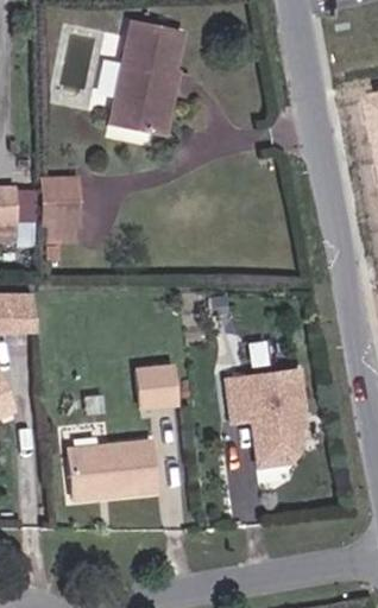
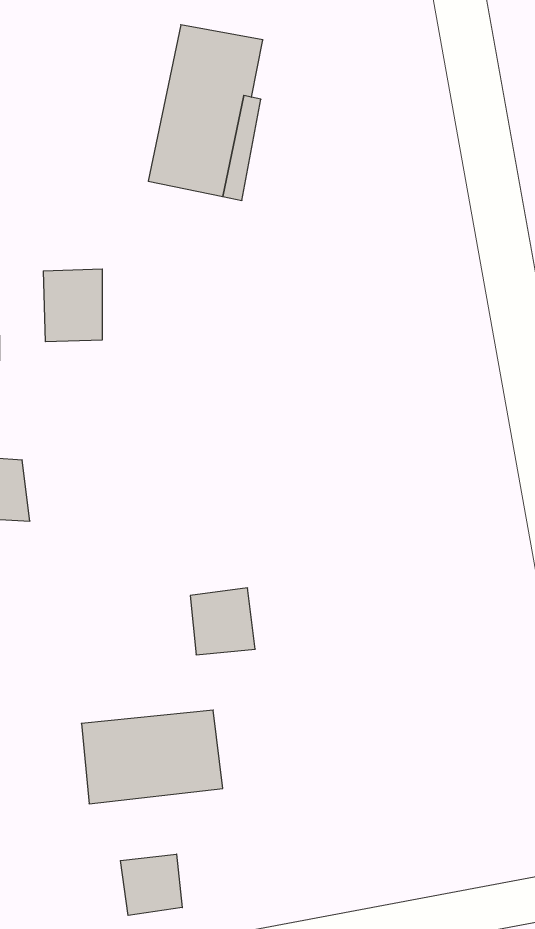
building: [228,374,307,468] -> none
building: none -> [120,854,182,915]

